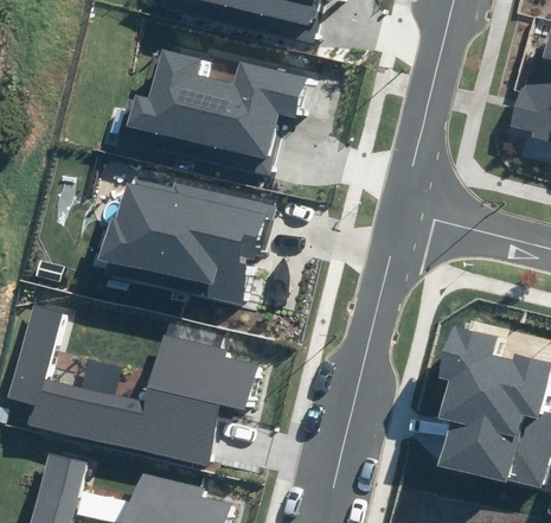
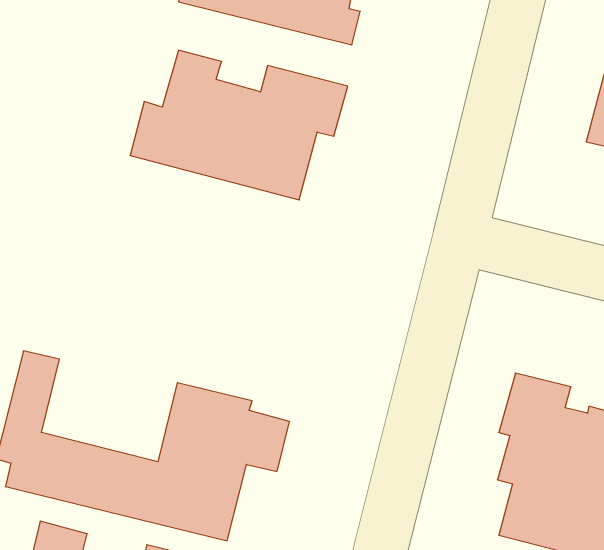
building: [98,177,274,304] -> none

